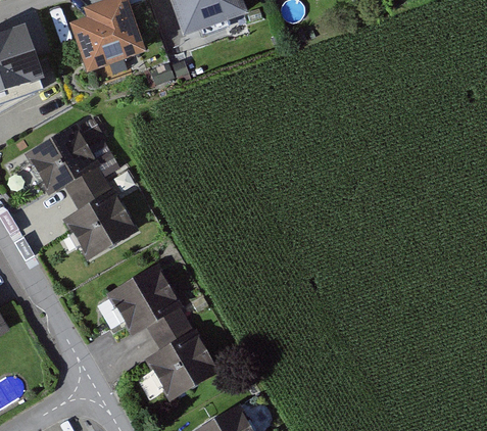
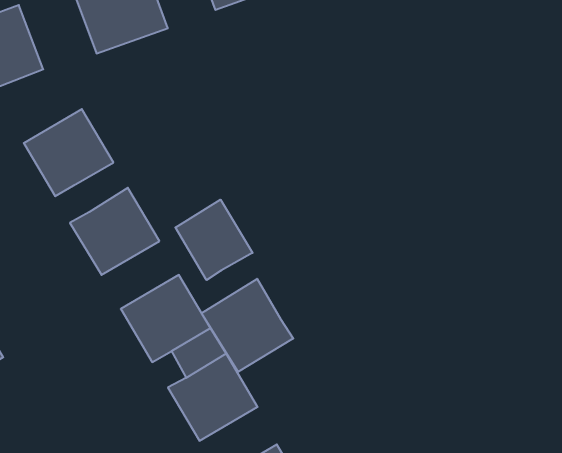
building: [66,163,112,205] -> none
building: none -> [175,200,253,280]
building: none -> [201,279,293,372]

